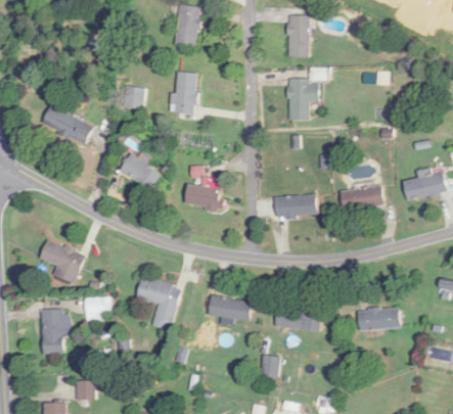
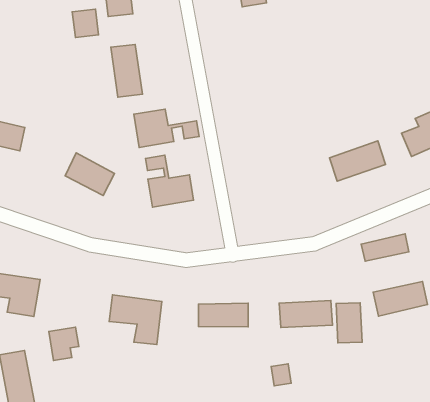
building: [287,79,317,121] -> none
building: [122,87,142,109] -> [72,9,99,37]
building: none -> [134,109,199,147]
building: [275,196,317,217] -> none
building: none -> [361,234,409,261]
building: none -> [336,303,362,343]

